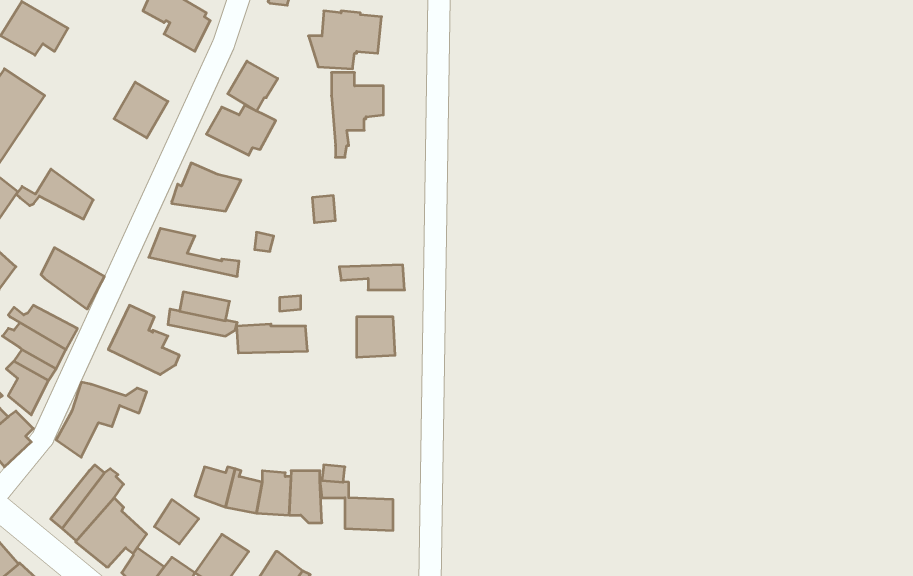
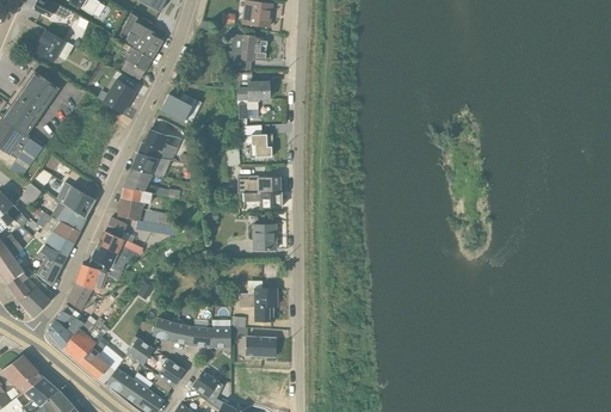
building: [228,61,278,111] -> [121,49,152,80]
building: none -> [241,125,271,158]
building: [16,169,93,219] -> [37,201,85,232]
building: none -> [130,154,171,177]
building: none -> [117,187,152,221]
building: [236,324,308,353] -> [236,176,280,193]
building: none -> [87,245,130,273]
building: none -> [237,281,276,321]
building: none -> [48,306,86,350]

